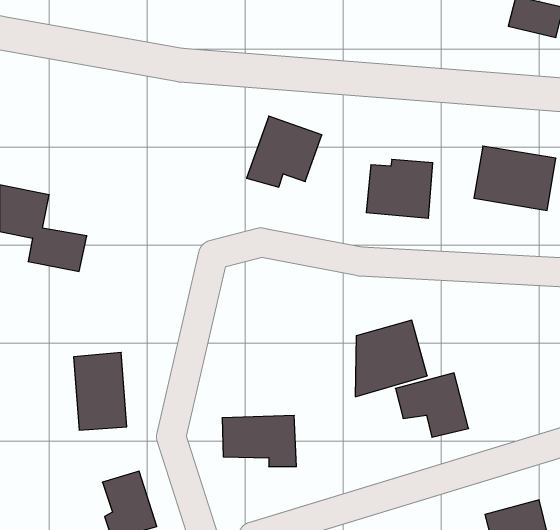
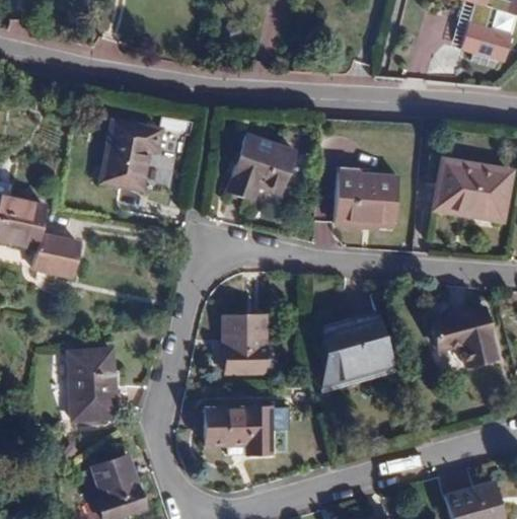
building: none -> [101,122,162,190]
building: none -> [223,316,266,373]
building: [395,373,469,437] -> [432,307,499,366]

